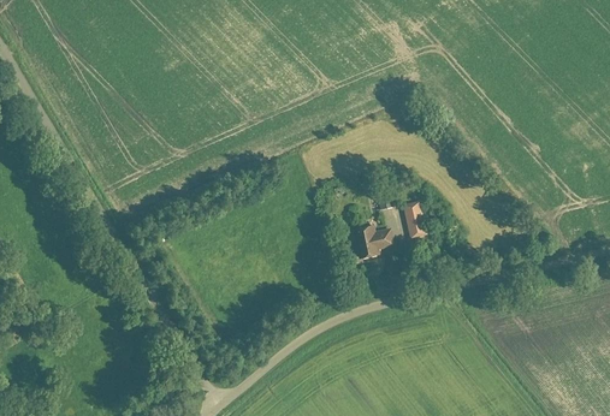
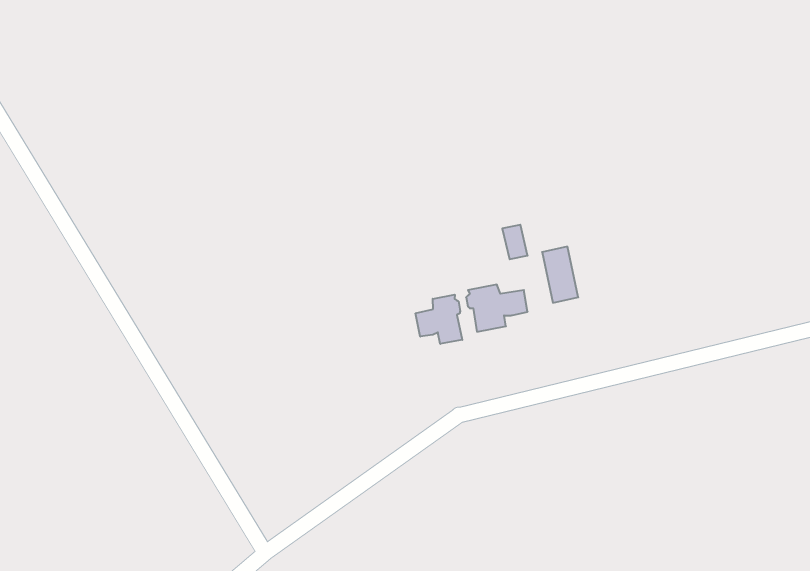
building: none -> [416,295,462,344]

